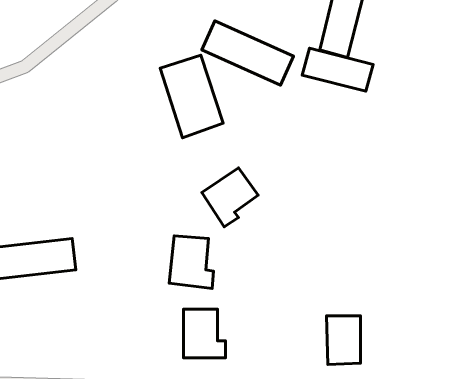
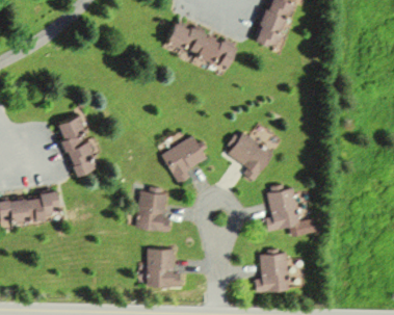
building: [302,48,373,91] -> none
building: [160,55,223,138] -> [55,111,105,177]
building: none -> [226,132,274,179]
building: none -> [266,187,301,231]

